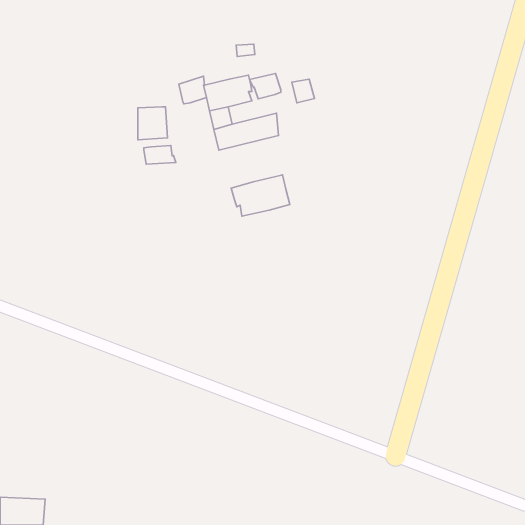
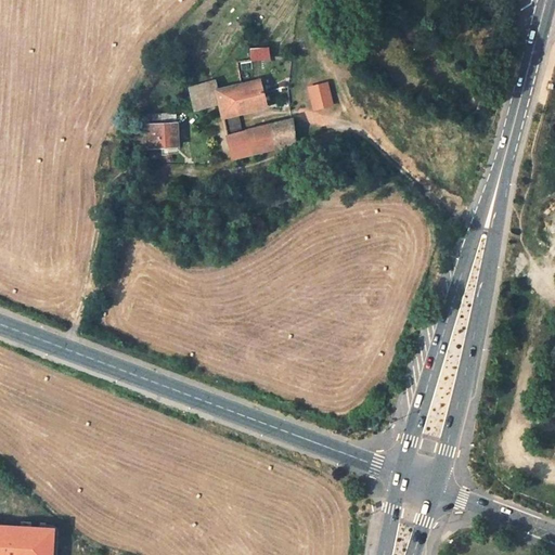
building: [250,74,281,99] -> none
building: [144,145,176,164] -> none
building: [231,175,290,216] -> none

